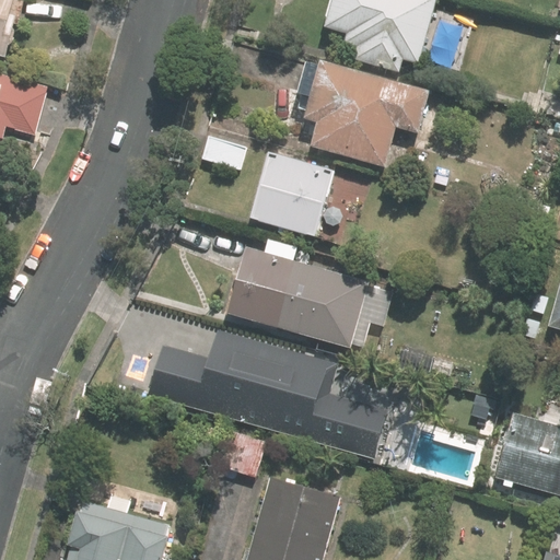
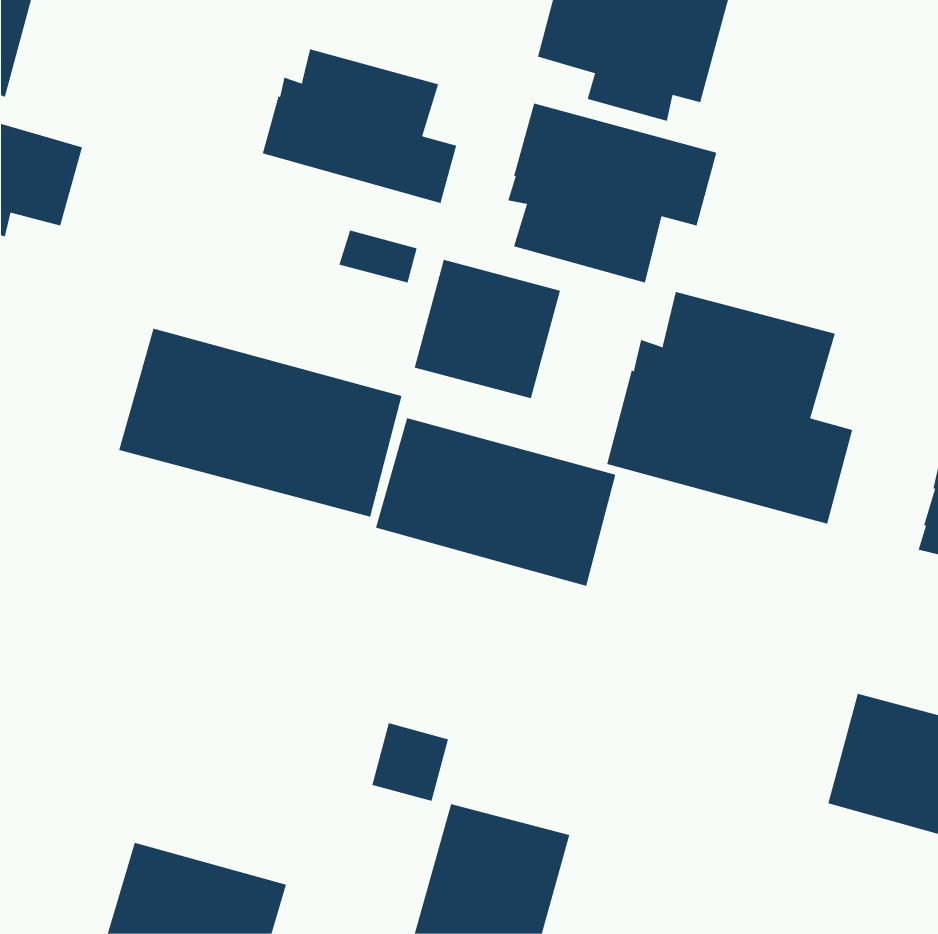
building: none -> [262,49,457,204]
building: none -> [606,291,853,524]
building: none -> [119,328,402,517]
building: [149,330,389,455] -> none

